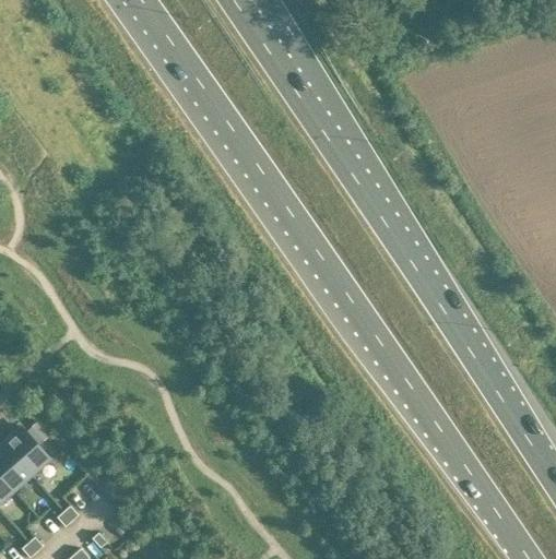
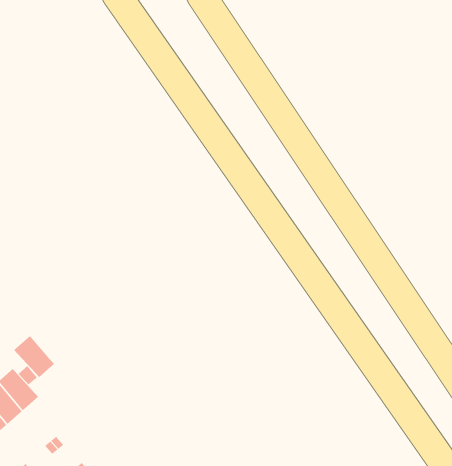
building: none -> [13,335,55,378]

